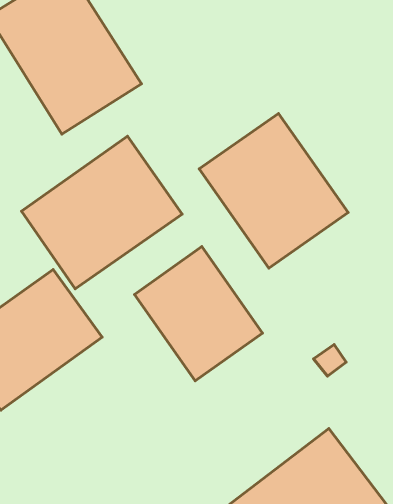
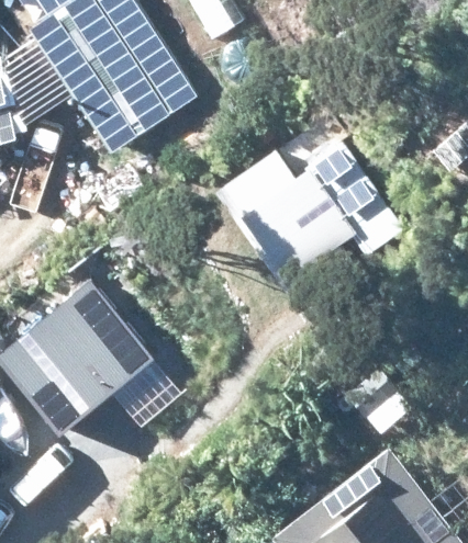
building: [21,136,182,289] -> none
building: [134,247,263,381] -> none

